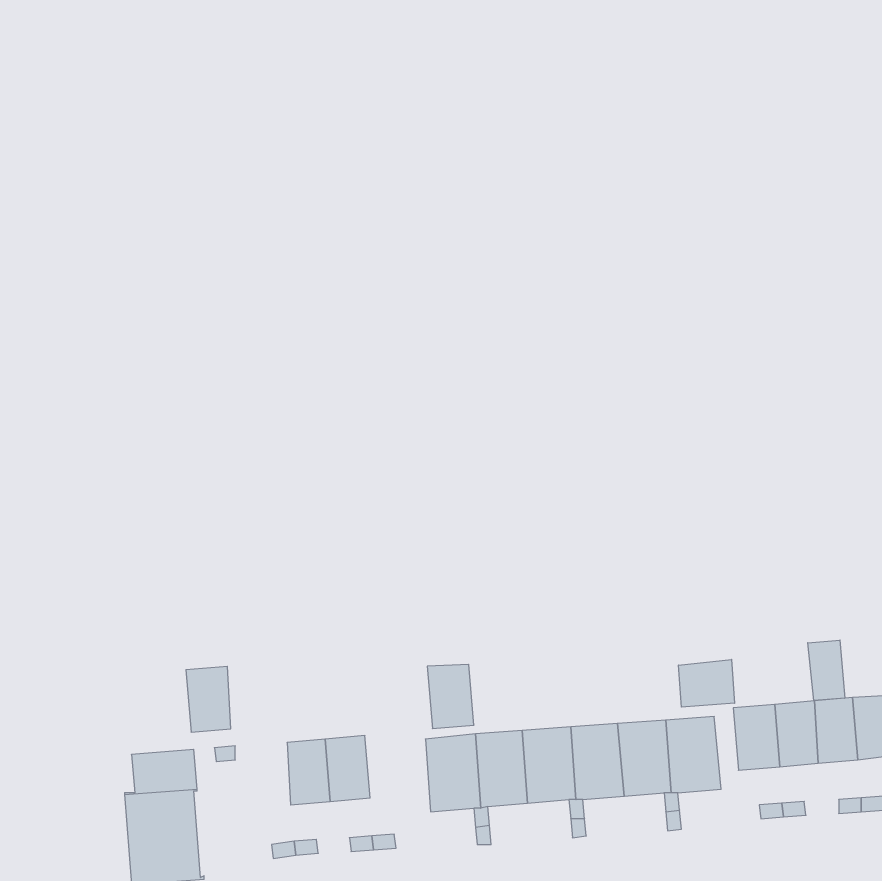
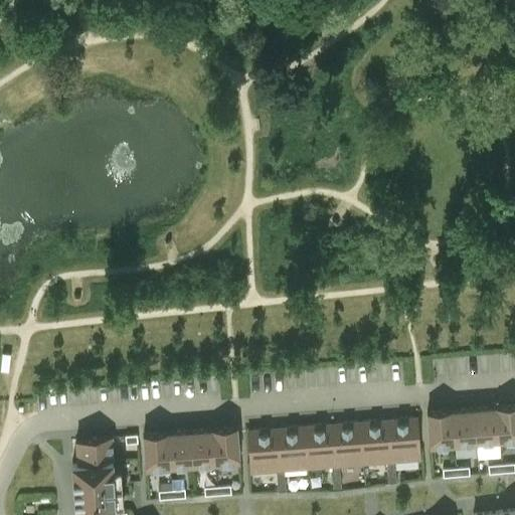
building: [808,640,845,701] -> none
building: [679,659,735,707] -> none
building: [427,664,474,729] -> [213,428,240,466]
building: [186,666,231,732] -> [144,434,170,472]

